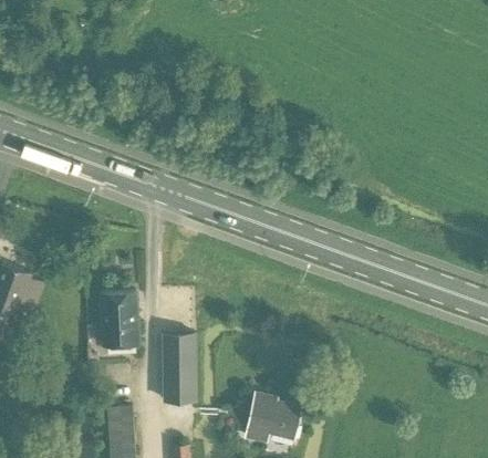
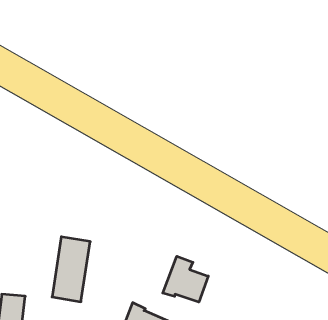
building: [103,291,141,345] -> none
building: none -> [163,256,208,302]

